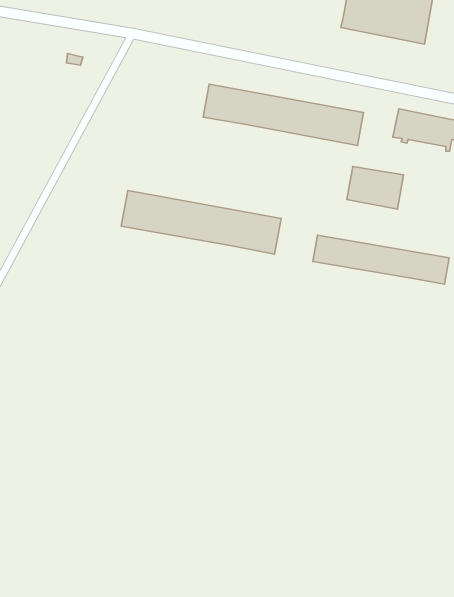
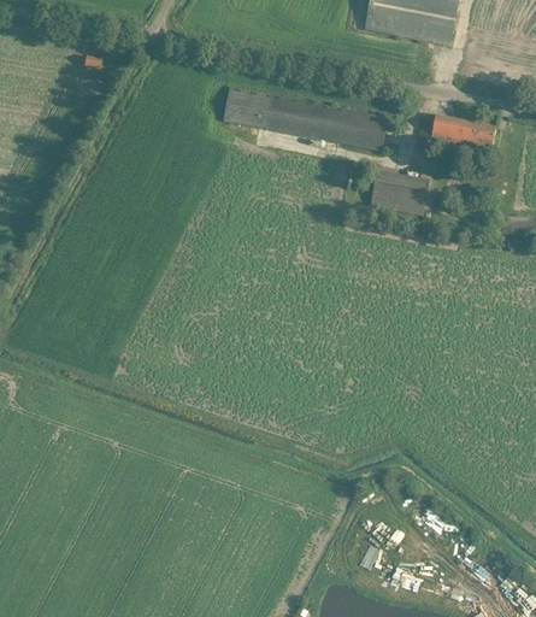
building: [121,191,281,254] -> none
building: [313,235,449,284] -> none

